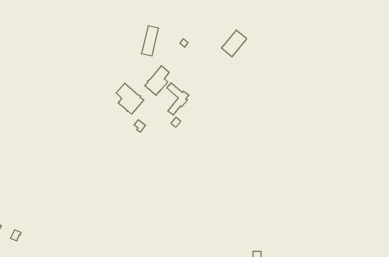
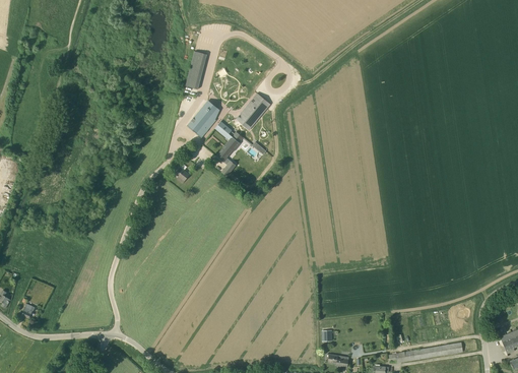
building: [221,30,247,57] -> [239,94,270,127]
building: [116,83,144,114] -> none

